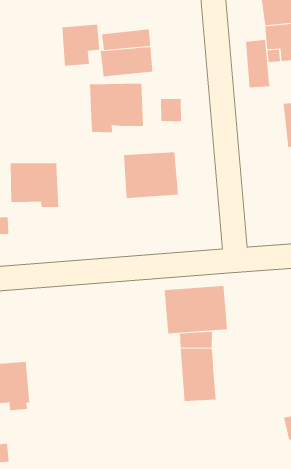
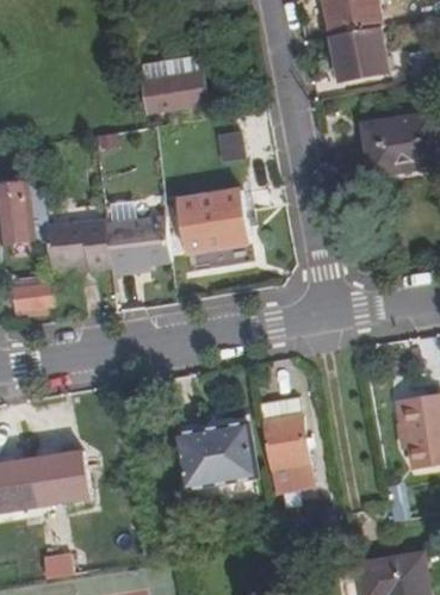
building: [62,24,100,66] -> none
building: [245,39,270,88] -> none
building: [89,83,144,133] -> [101,213,169,275]
building: [164,285,228,334] -> [176,424,255,486]

